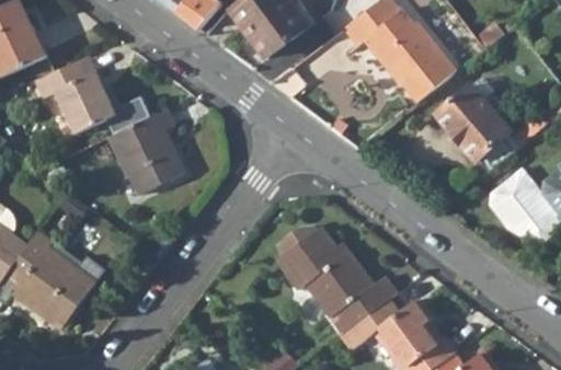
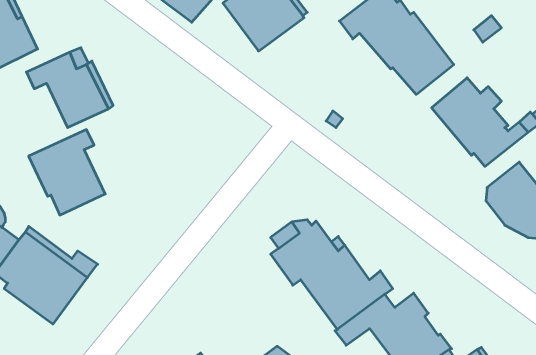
building: [108,111,184,195] -> [29,130,105,215]

